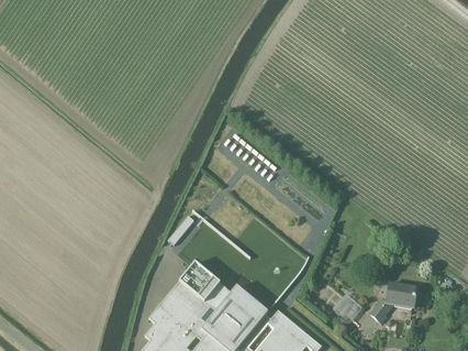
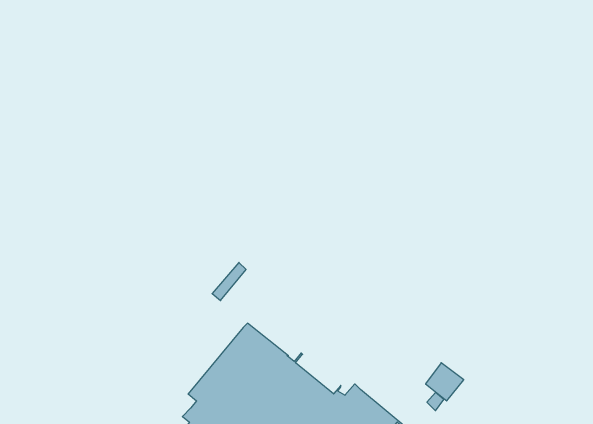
building: [370,282,419,323] -> none

